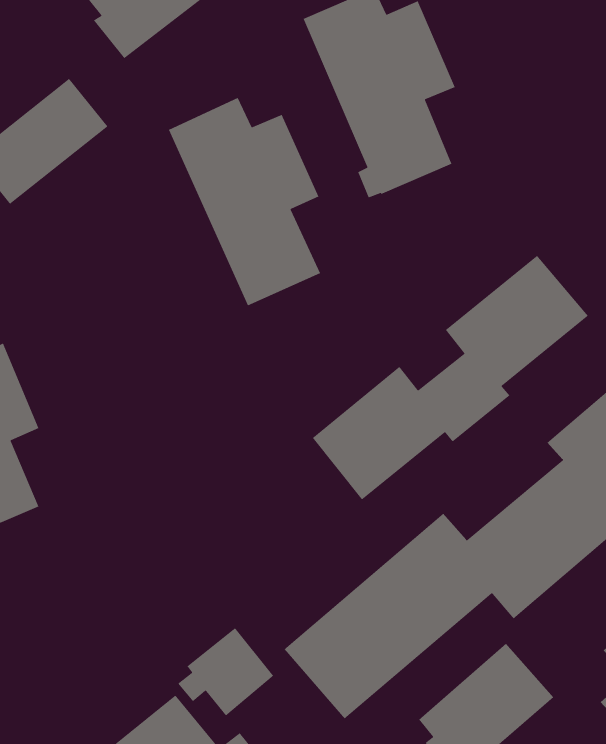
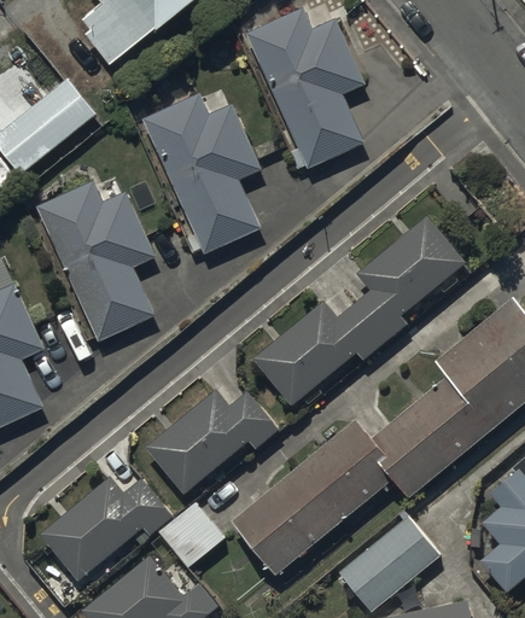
building: none -> [35,182,156,343]
building: none -> [146,389,280,496]
building: none -> [39,476,173,581]

